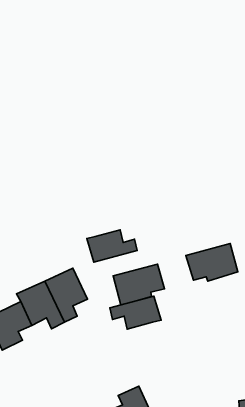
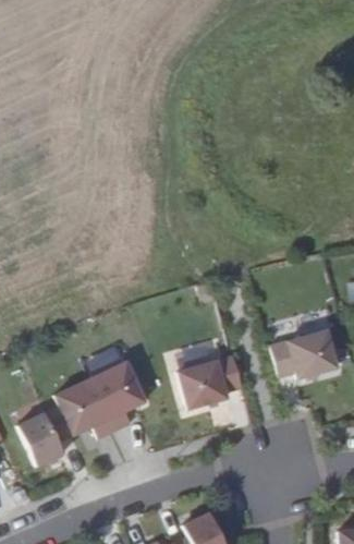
building: [87,230,137,262] -> none
building: [110,296,161,329] -> none

